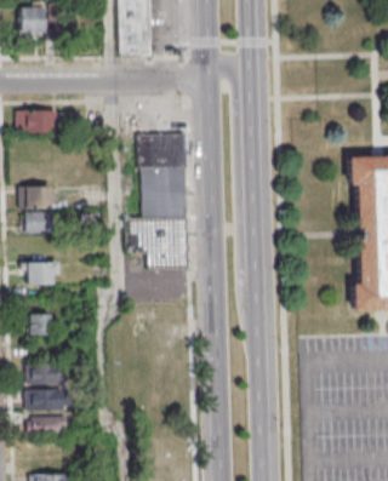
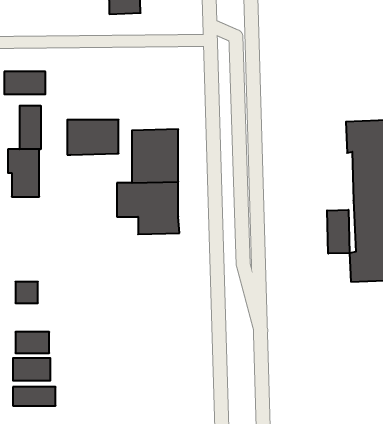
building: [138,132,188,166] -> [67,120,119,155]
building: none -> [20,106,41,149]
building: none -> [327,210,350,254]
building: [22,259,59,282] -> none

